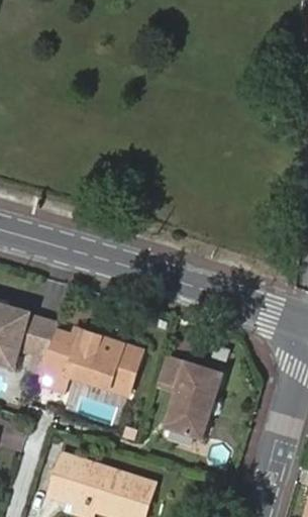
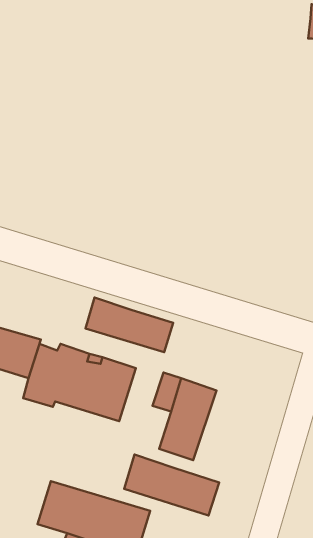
building: none -> [86,298,173,352]
building: none -> [124,454,219,516]

